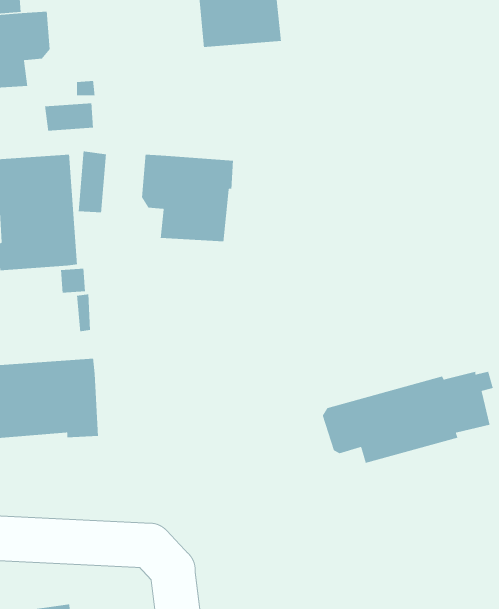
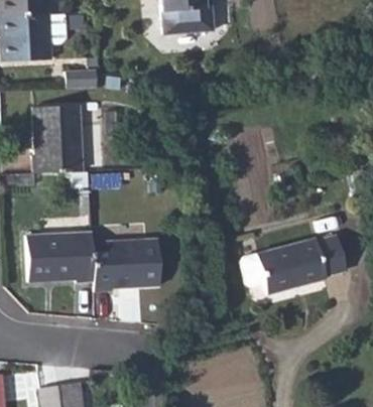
building: [141,154,234,242] -> none
building: none -> [95,222,167,289]

